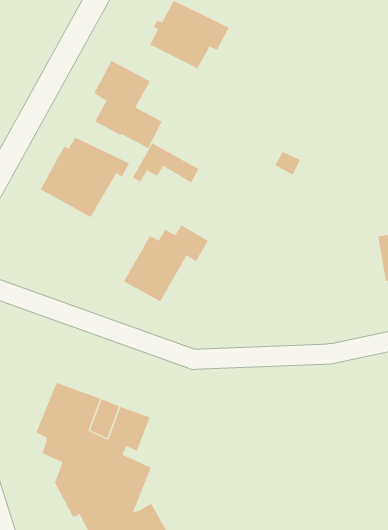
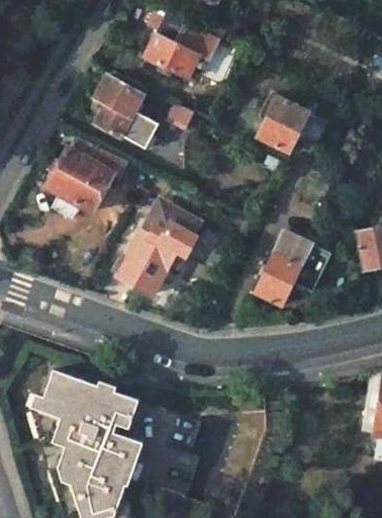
building: none -> [254,89,328,151]
building: [132,143,199,183] -> [142,200,204,238]
building: none -> [251,230,327,308]

